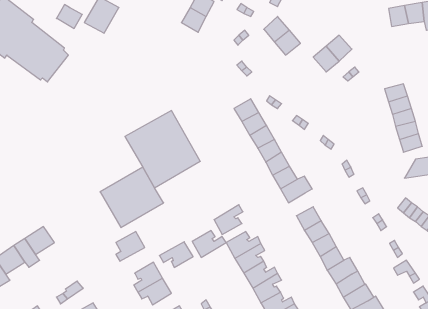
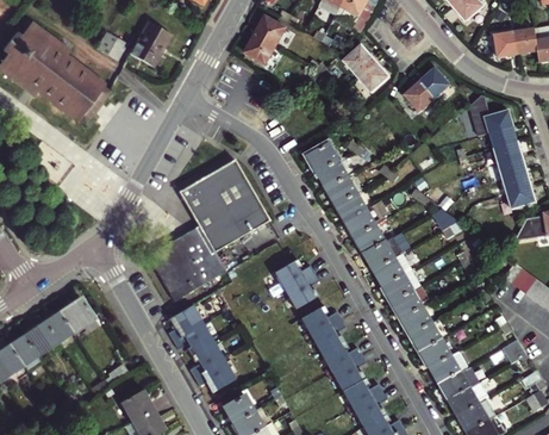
building: none -> [469,93,512,136]
building: none -> [374,253,412,285]
building: [192,231,226,257] -> [274,257,314,290]
building: [159,242,193,267] -> [171,323,212,354]

